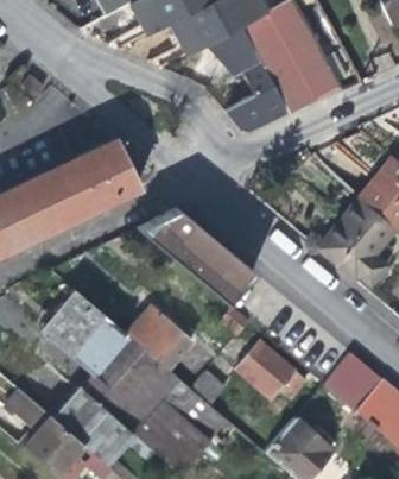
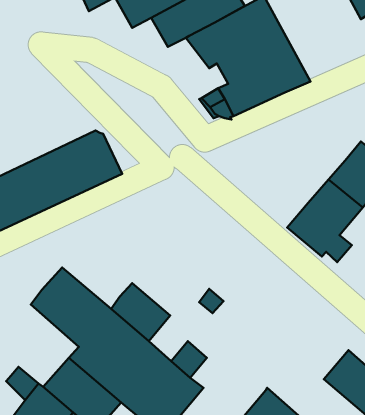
building: [135,208,254,303] -> none
building: [235,341,304,399] -> none
building: [323,352,379,409] -> none

